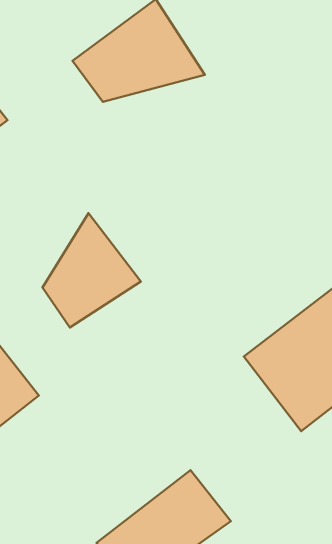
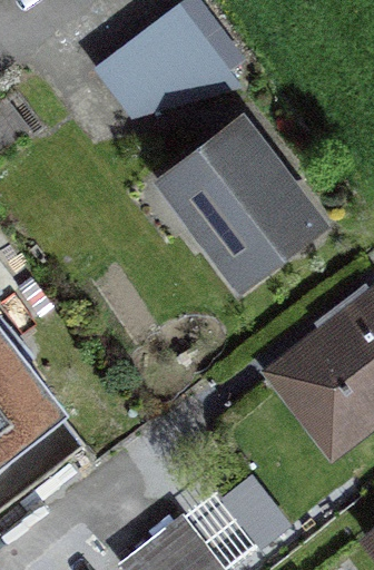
building: none -> [169,128,314,278]
building: [42,213,141,328] -> none

